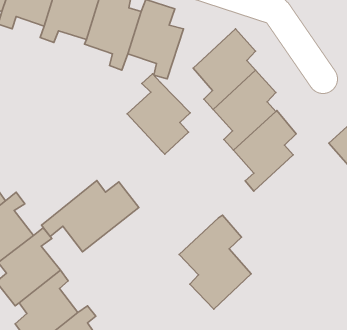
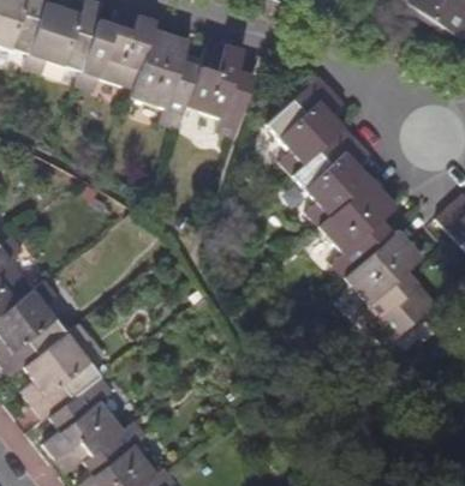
building: [127,74,190,154] -> none
building: [42,181,139,252] -> none
building: [179,215,251,309] -> [344,229,434,347]

